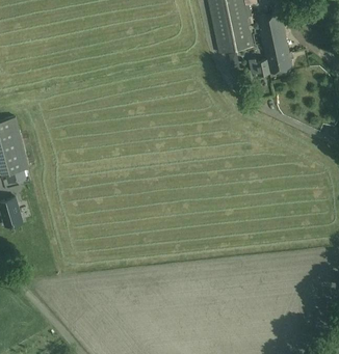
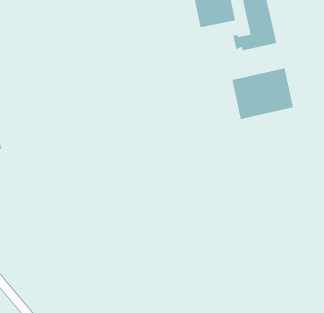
building: none -> [232,68,294,120]

